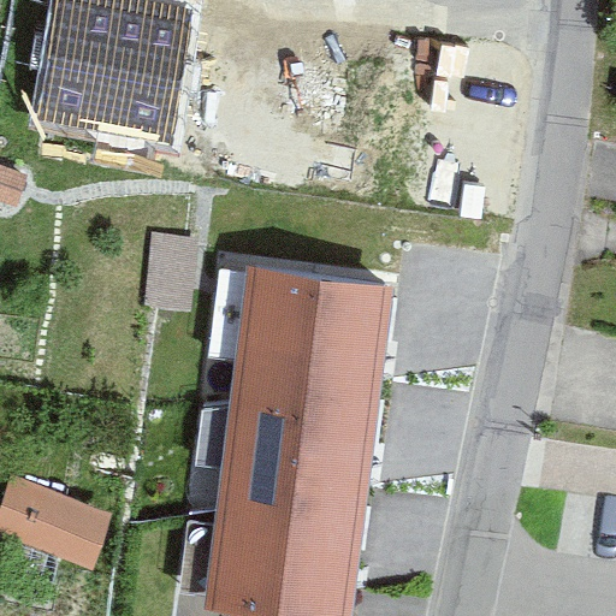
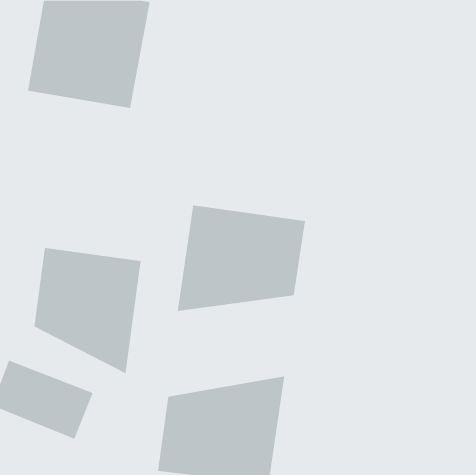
building: none -> [34,247,141,374]
building: [215,384,379,514] -> none

